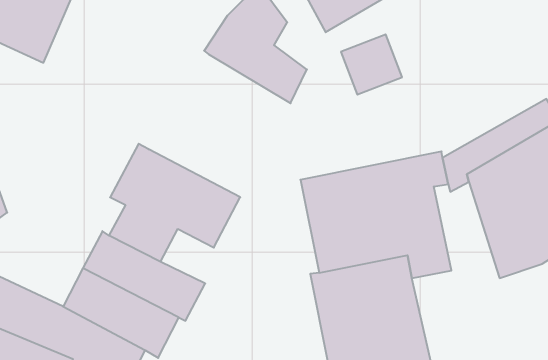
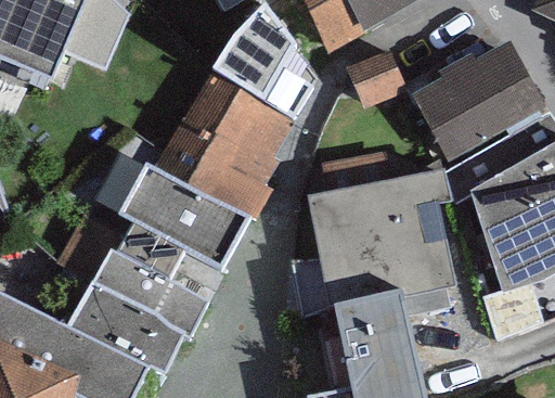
building: none -> [412,40,546,162]
building: none -> [155,72,296,218]

